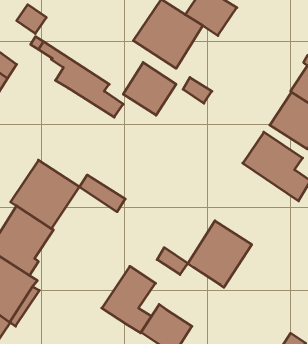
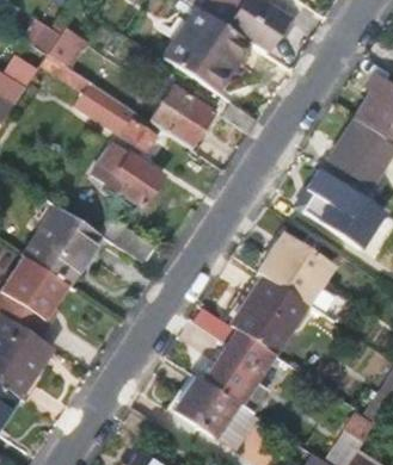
building: none -> [93,147,165,206]
building: none -> [258,232,332,303]
building: [102,266,156,333] -> [204,330,269,410]

